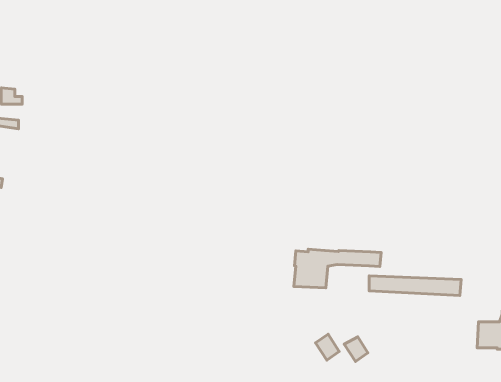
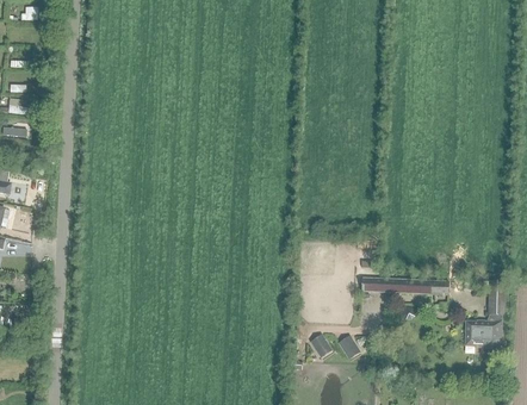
building: [294,249,381,288] -> none

